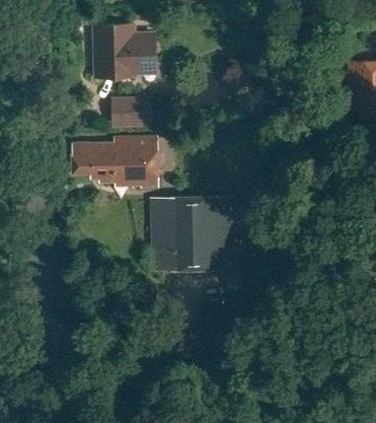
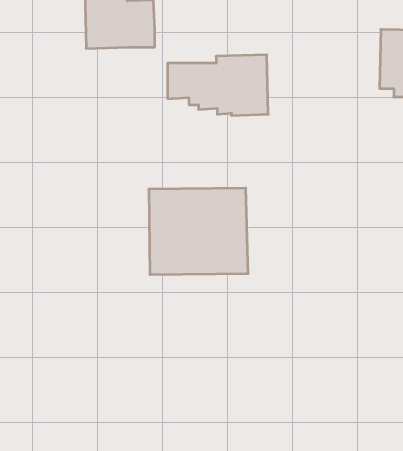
building: [110,95,151,127] -> none
building: [72,136,158,188] -> [168,55,268,115]

